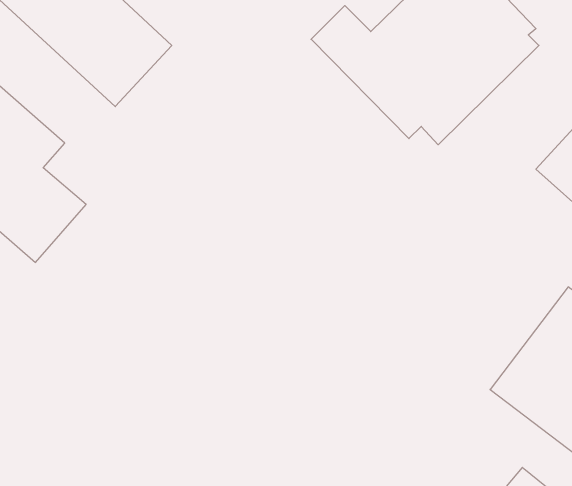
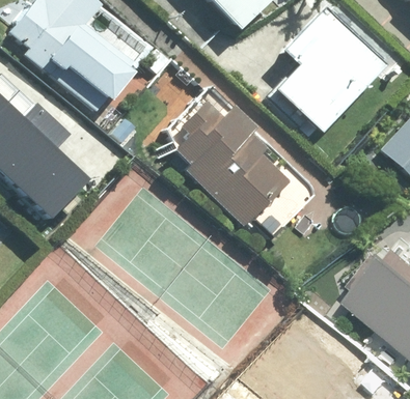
building: none -> [166,97,284,225]

